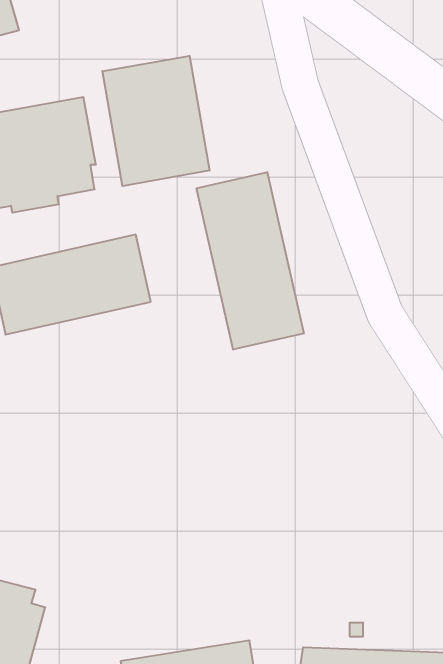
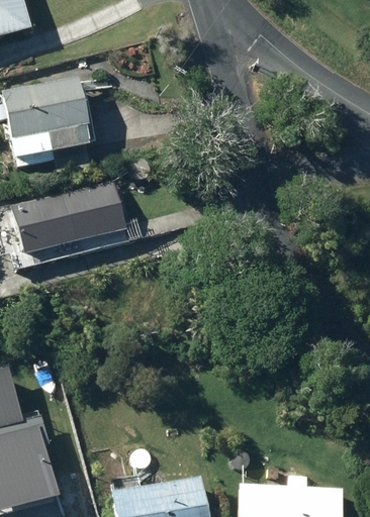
building: [102,56,210,186] -> none
building: [197,172,304,350] -> none

